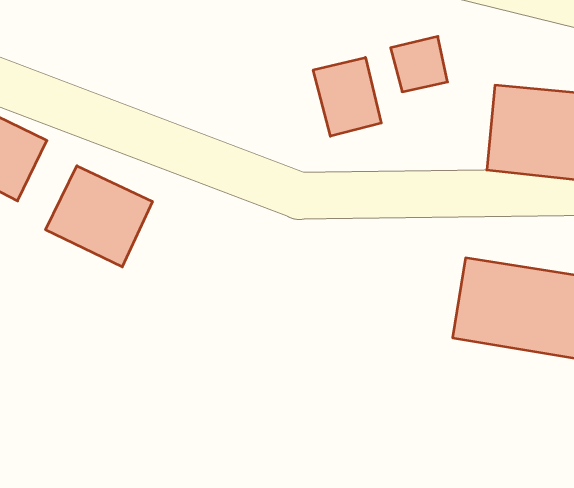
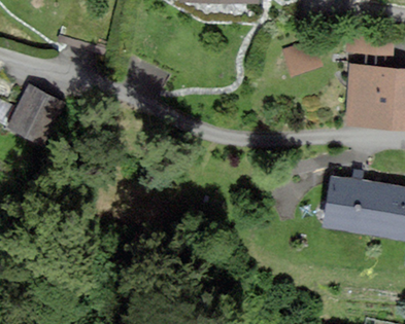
building: [313,57,381,136] -> none
building: [46,166,152,267] -> none

